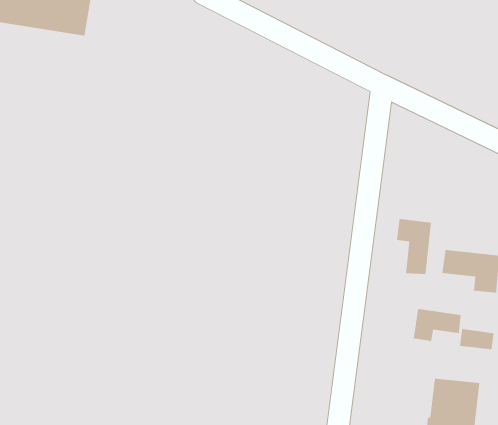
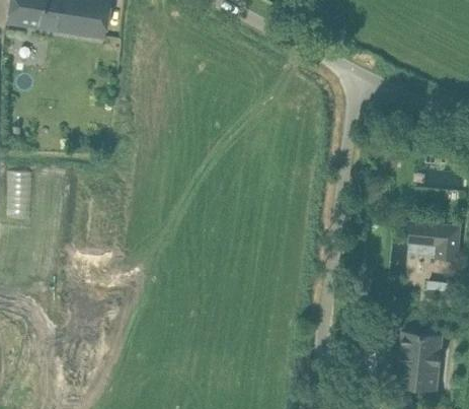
building: [397,218,431,275] -> none
building: [413,308,461,342] -> none

